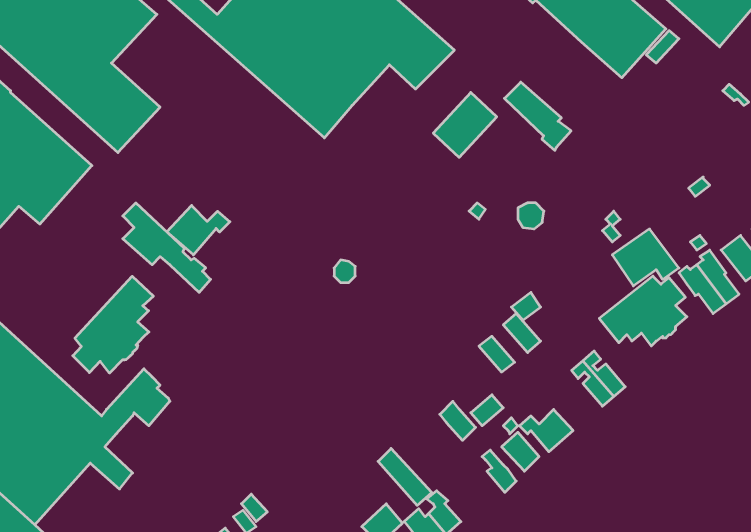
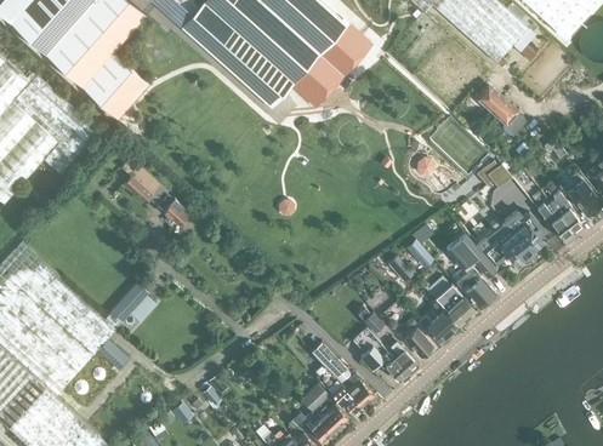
building: [504,82,571,150] -> [474,85,524,136]
building: [433,92,497,157] -> [291,55,339,103]
building: [167,205,230,255] -> none
building: [73,276,153,373] -> none
building: none -> [444,233,495,279]
building: none -> [428,276,474,326]
building: none -> [360,348,405,381]

